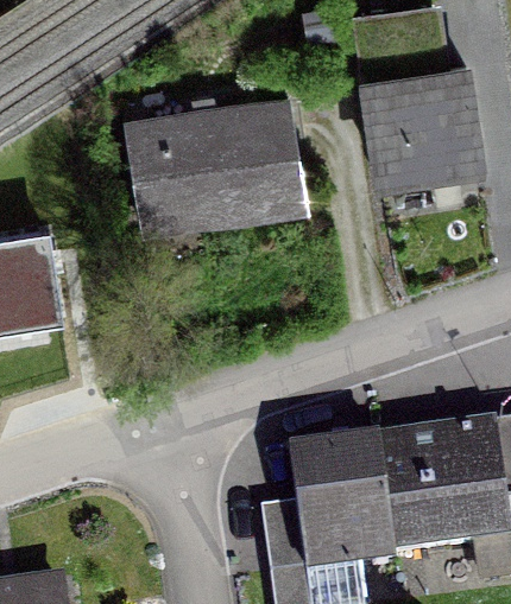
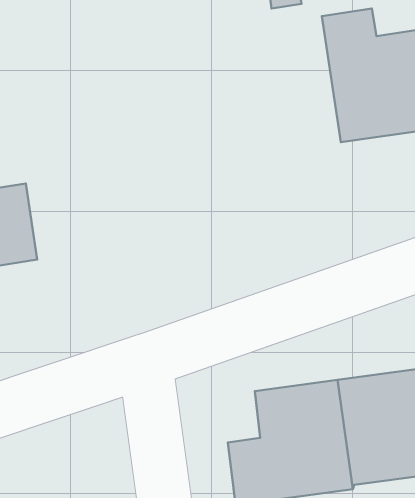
building: [125,98,307,222] -> none

